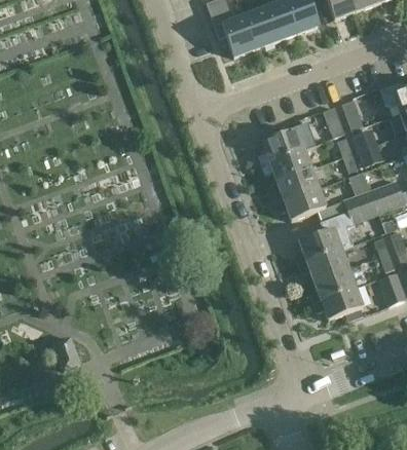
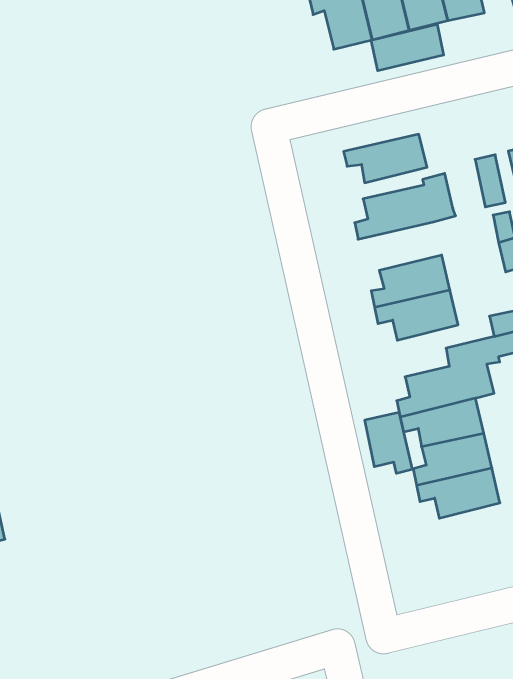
building: none -> [371,24,444,71]
building: [262,149,311,181] -> [344,134,427,183]
building: none -> [365,412,412,473]

